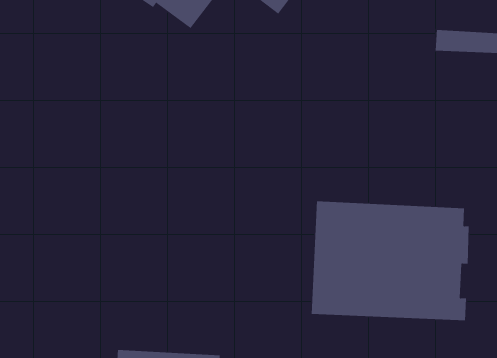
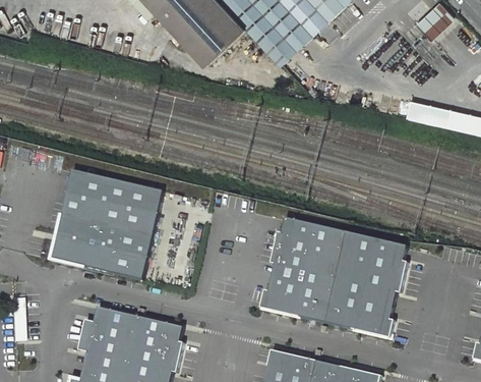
building: none -> [53,170,162,279]

